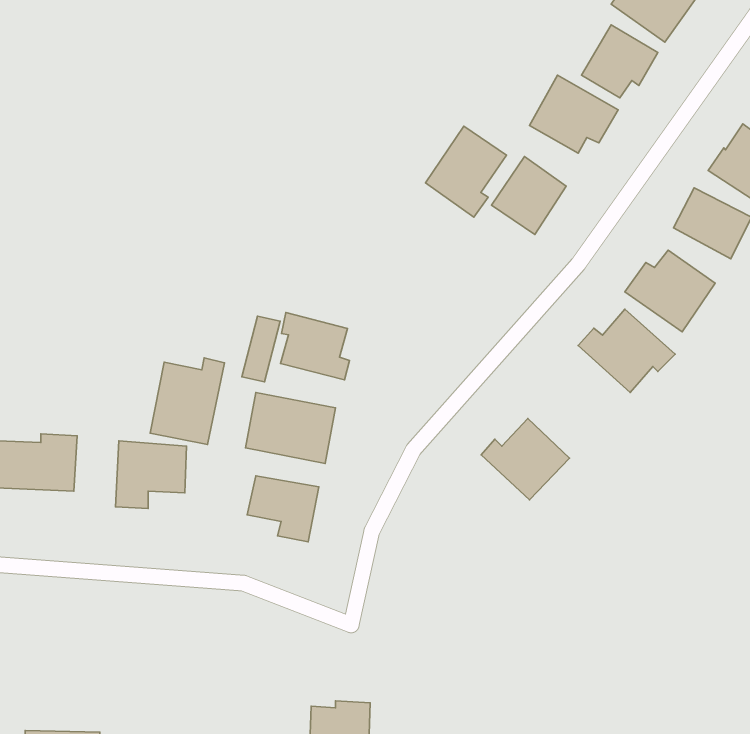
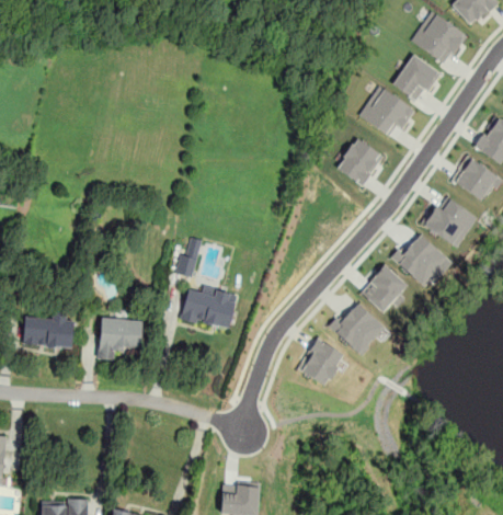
building: [425,126,507,217] -> none
building: [280,312,349,380] -> none
building: none -> [359,264,408,312]
building: [150,358,225,444] -> none
building: none -> [297,337,345,386]
building: [247,476,319,542] -> none

